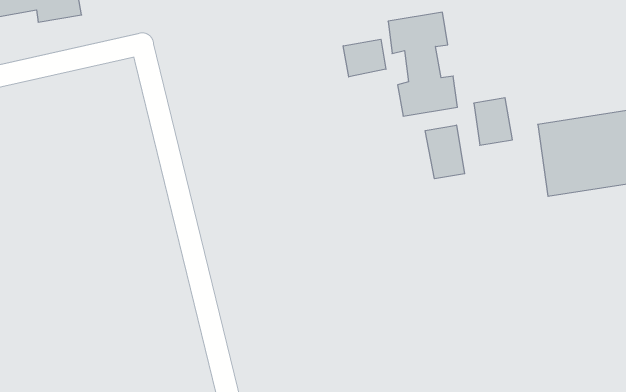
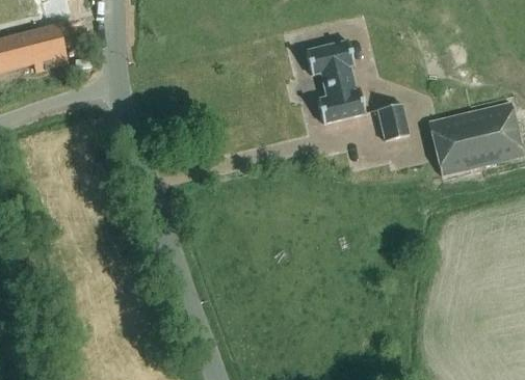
building: [343,39,386,77] -> none
building: [425,125,465,179] -> none

